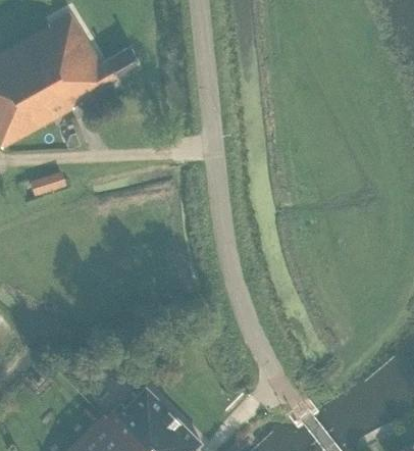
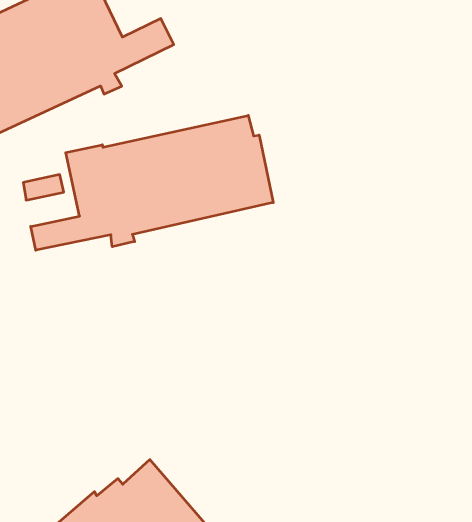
building: none -> [31,115,273,250]

